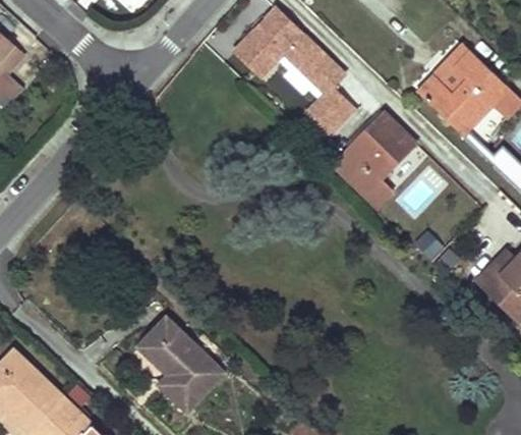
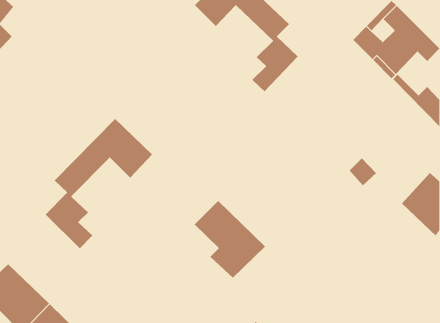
building: [333,113,422,207] -> none
building: none -> [45,118,153,249]
building: [139,319,224,411] -> [194,200,266,279]

